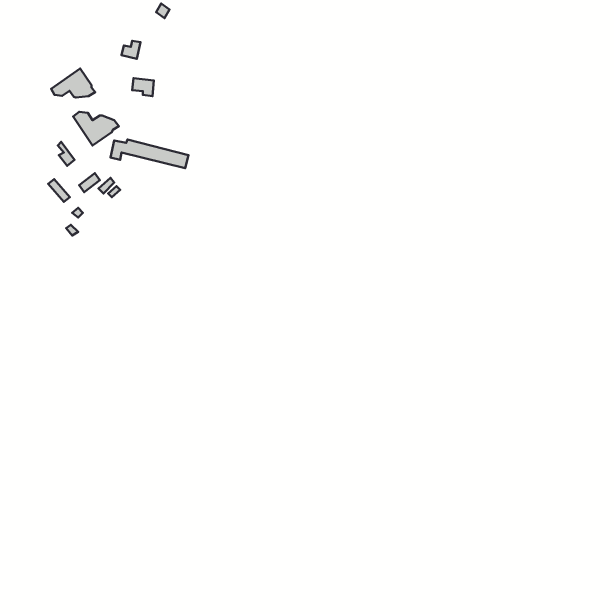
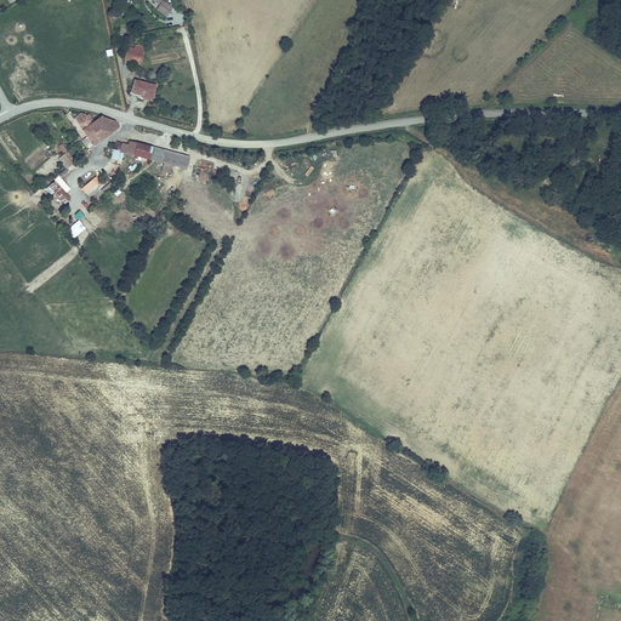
building: [51,68,95,97] -> none

